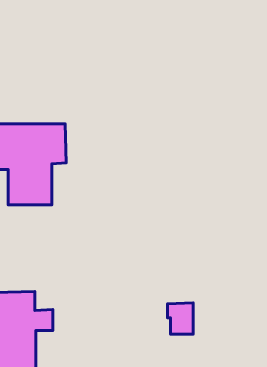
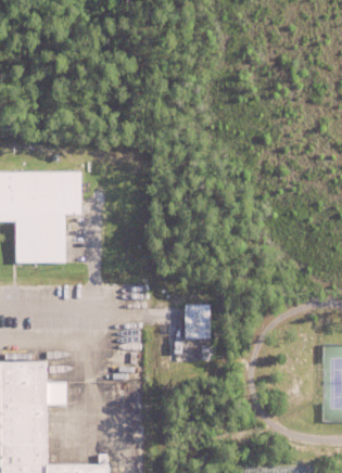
building: [168,303,193,334] -> [186,308,215,344]

